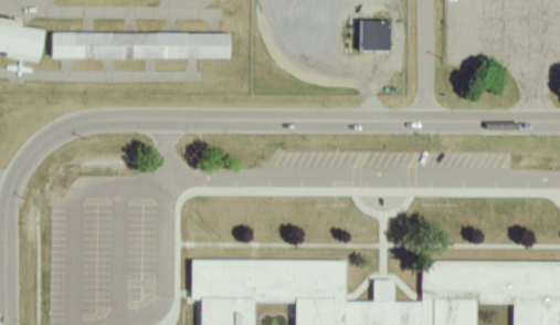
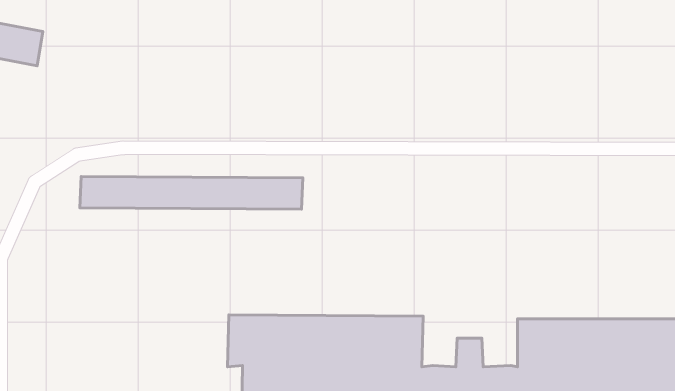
building: [358,20,390,51] -> none
building: [50,32,230,59] -> [80,176,303,209]

